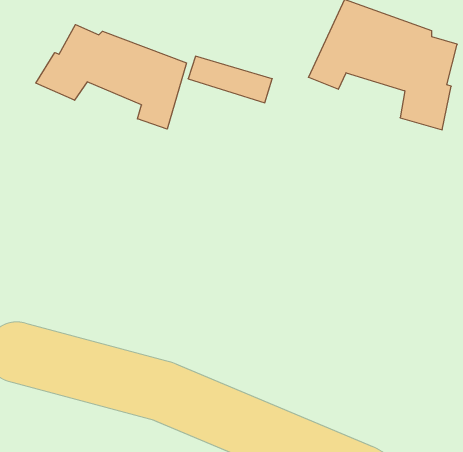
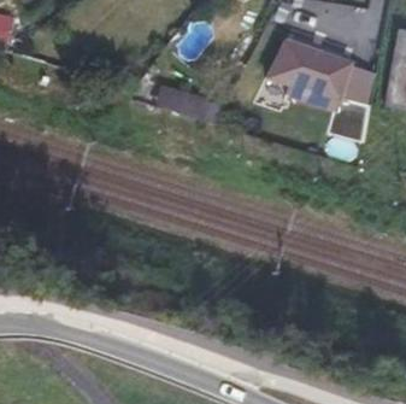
building: [36,25,186,129] -> none

